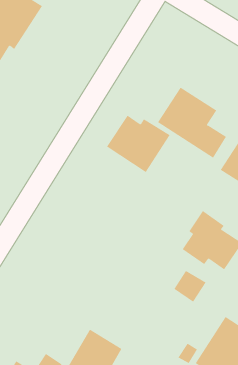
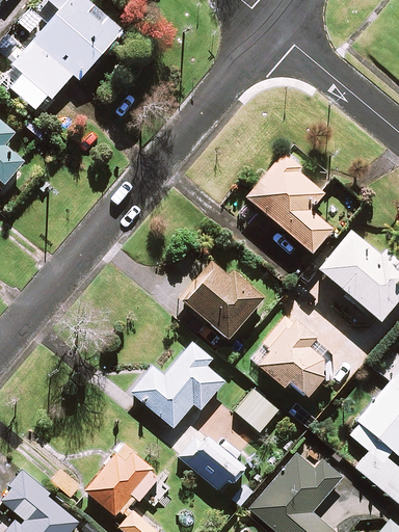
building: [106,115,170,173] -> [180,262,263,339]
building: none -> [131,342,224,426]
building: none -> [183,434,244,489]

